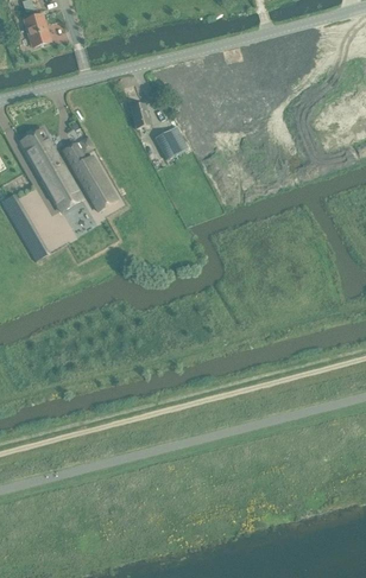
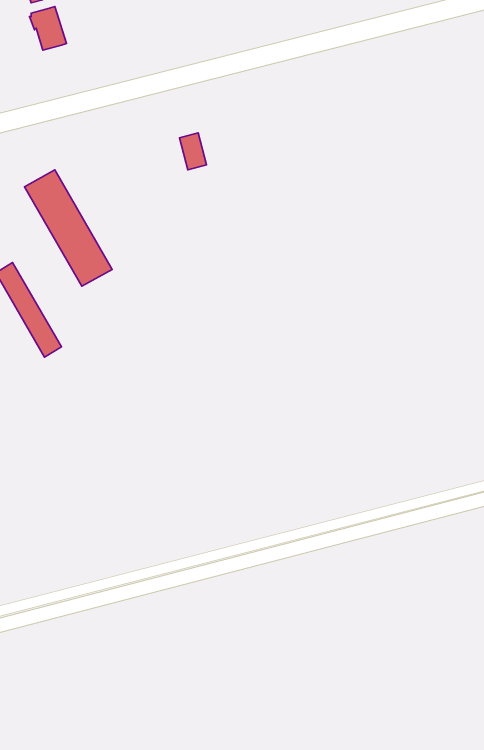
building: [154,126,188,159] -> none
building: [62,140,116,208] -> none

